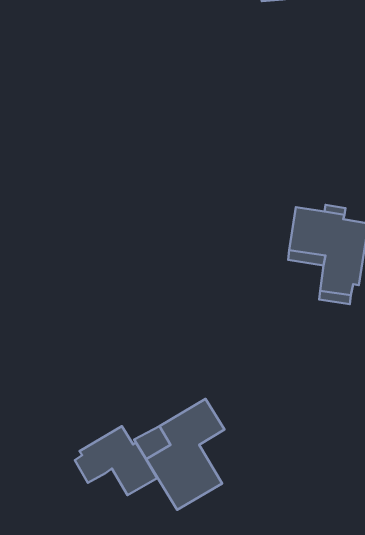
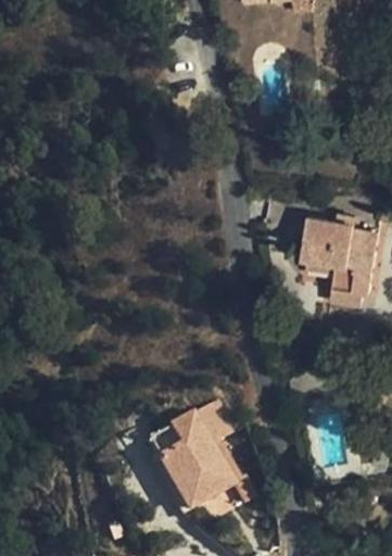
building: [75,426,157,495] -> none

